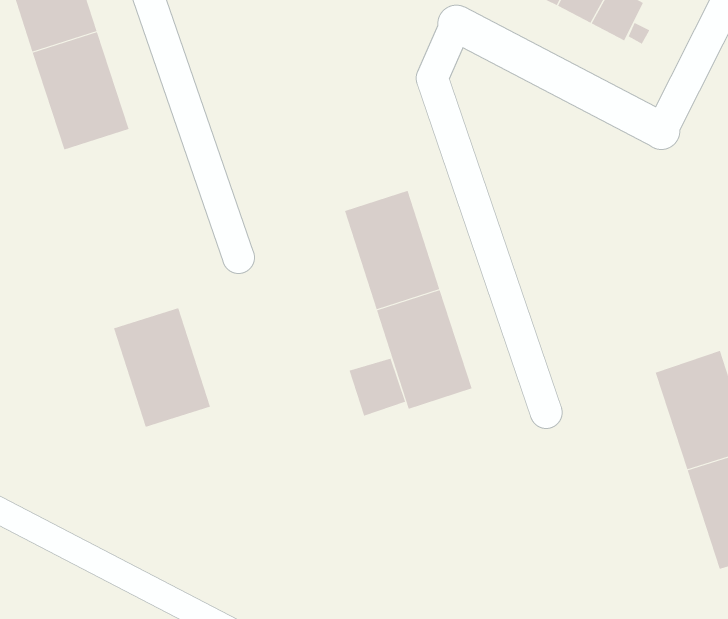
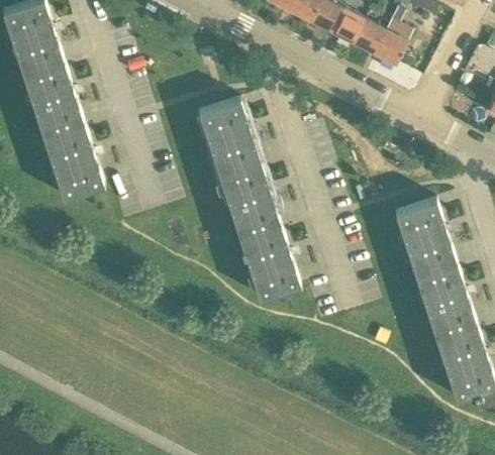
building: none -> [198,97,259,173]
building: none -> [394,198,456,274]
building: [113,307,211,428] -> [41,121,103,197]
building: [349,358,406,417] -> none

